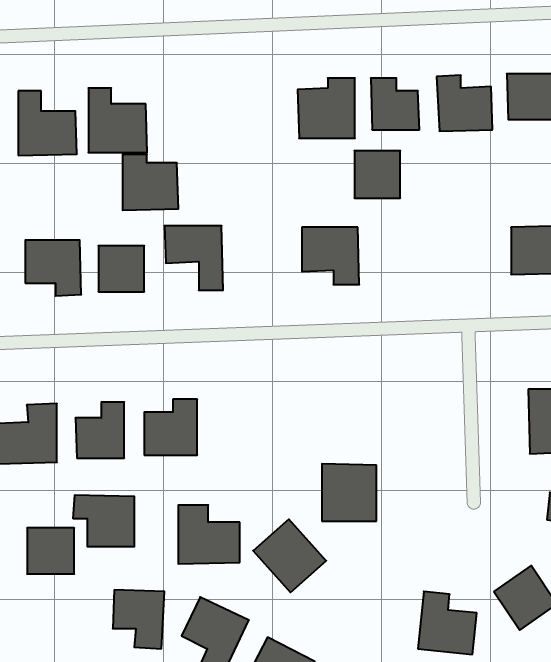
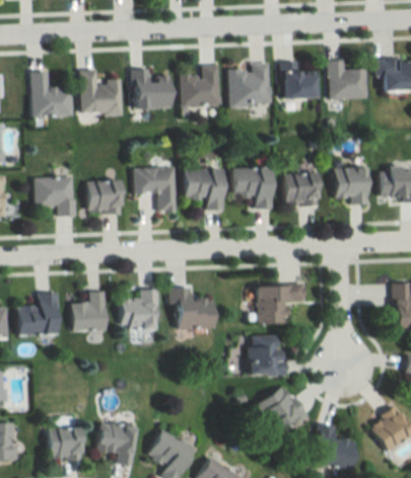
building: none -> [182,65,220,104]
building: [354,151,400,198] -> [285,172,318,206]
building: [123,154,178,210] -> [132,69,172,108]
building: none -> [334,167,367,202]
building: none -> [183,168,224,210]
building: none -> [254,285,306,324]
building: [73,495,134,547] -> none
building: [178,505,240,564] -> [172,287,215,328]
building: [253,519,326,592] -> [257,385,309,436]
building: [27,528,74,574] -> [48,427,81,460]

